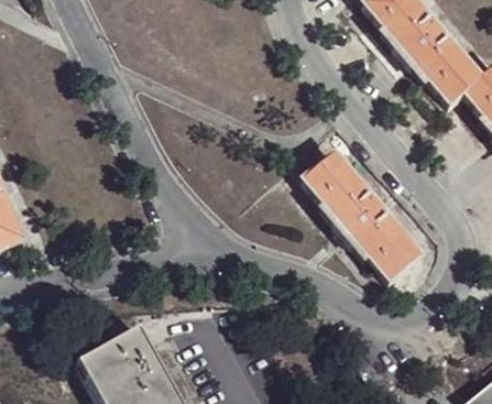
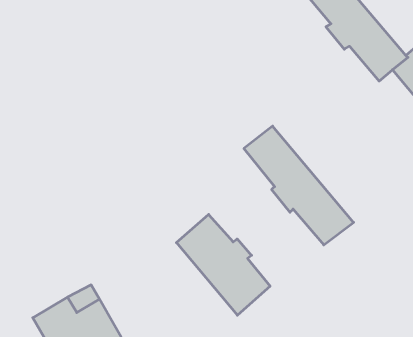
building: none -> [176,214,270,315]

